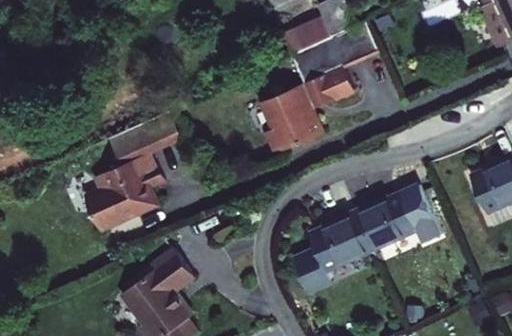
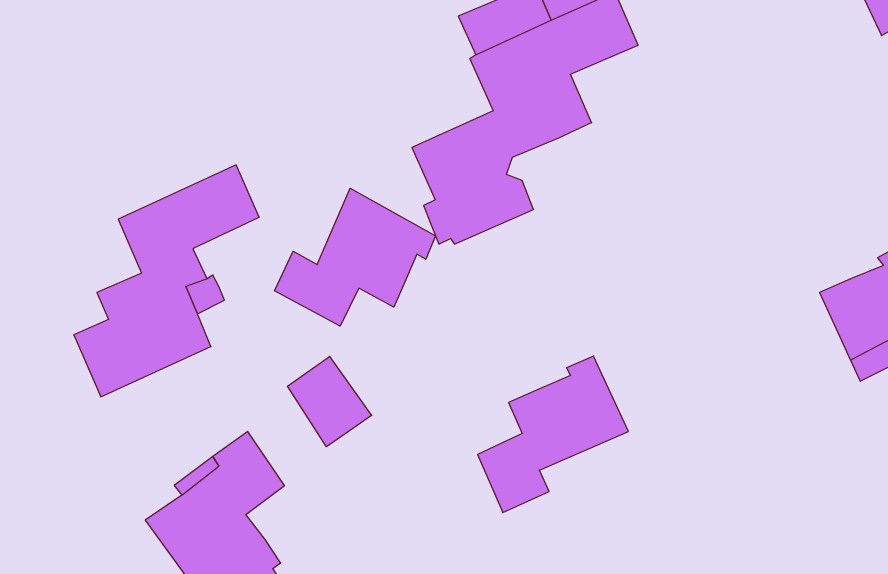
building: none -> [275,188,436,326]
building: [353,187,443,250] -> none
building: none -> [287,356,372,447]

